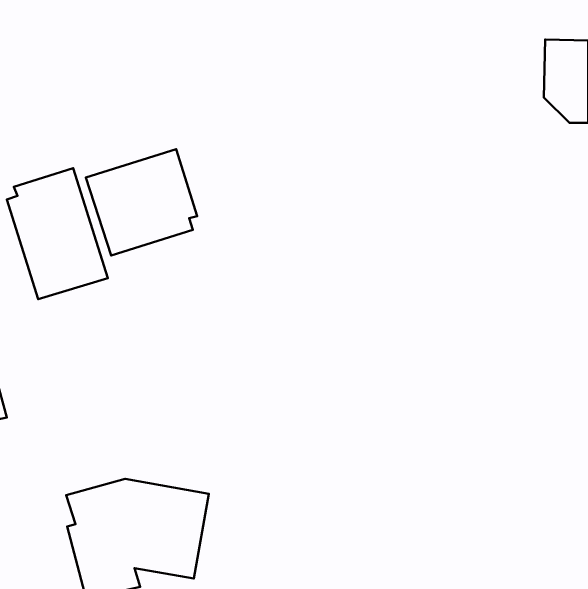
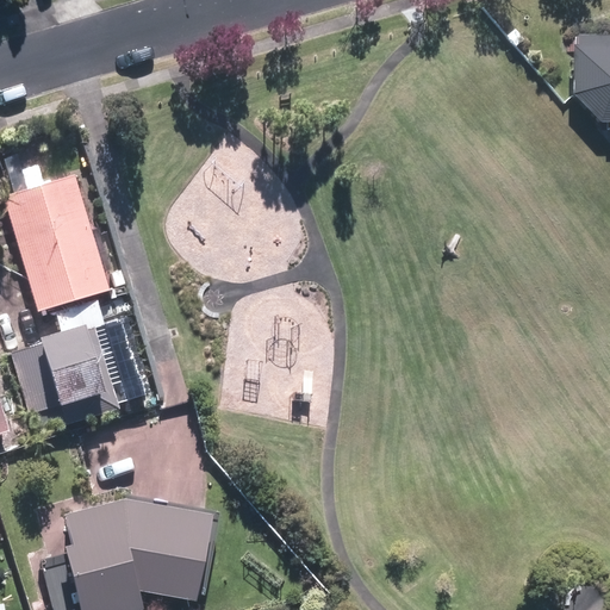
building: [86,149,197,256] -> none
building: none -> [8,322,117,419]

